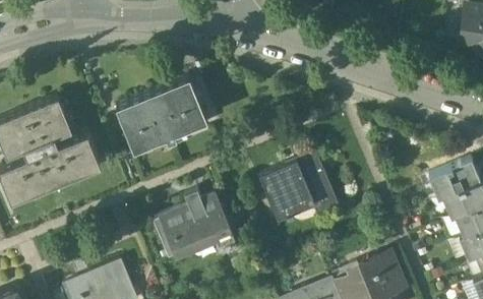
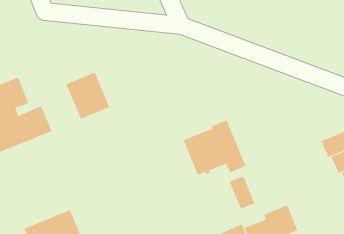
building: [152,76,206,135] -> none
building: [154,196,230,258] -> none
building: none -> [229,175,255,209]

